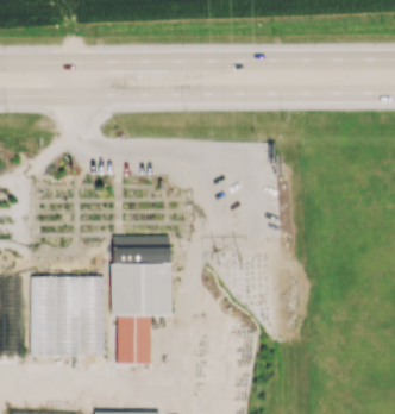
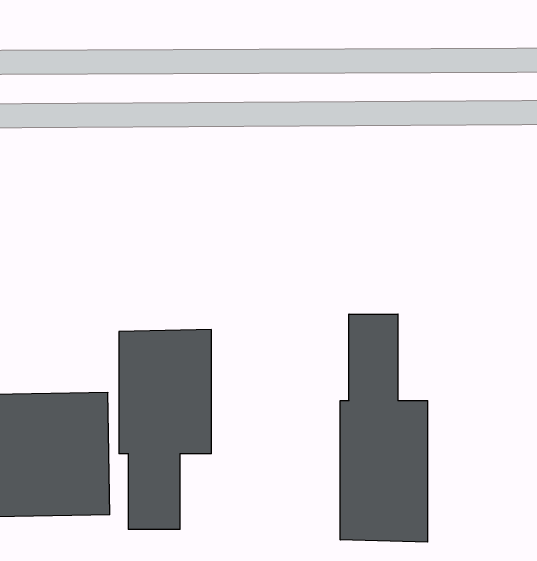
building: none -> [340,314,428,542]

